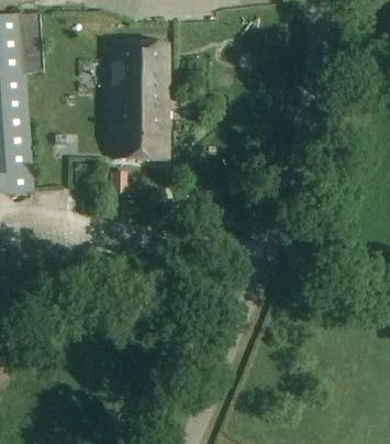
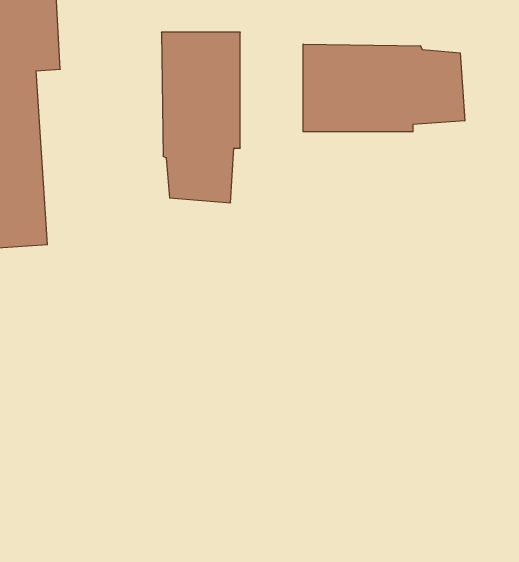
building: none -> [303,44,465,132]

